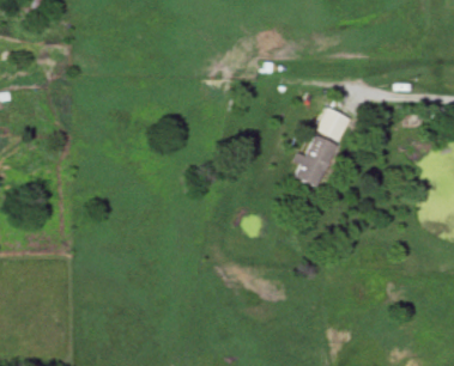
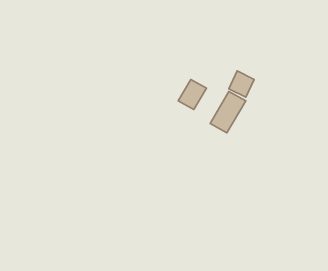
building: none -> [178,79,207,109]

